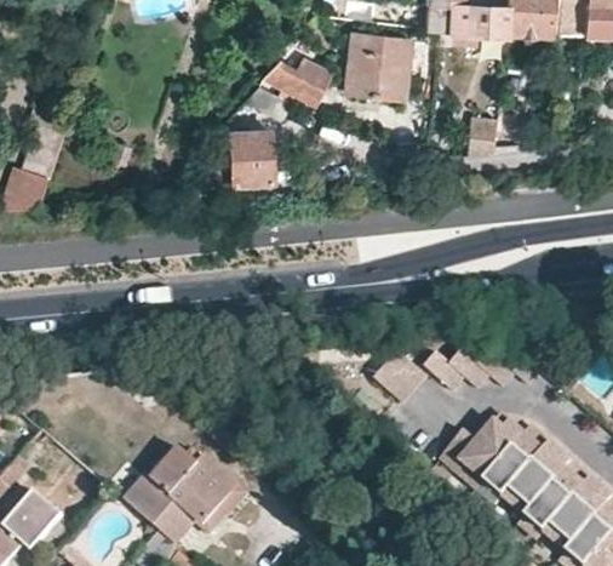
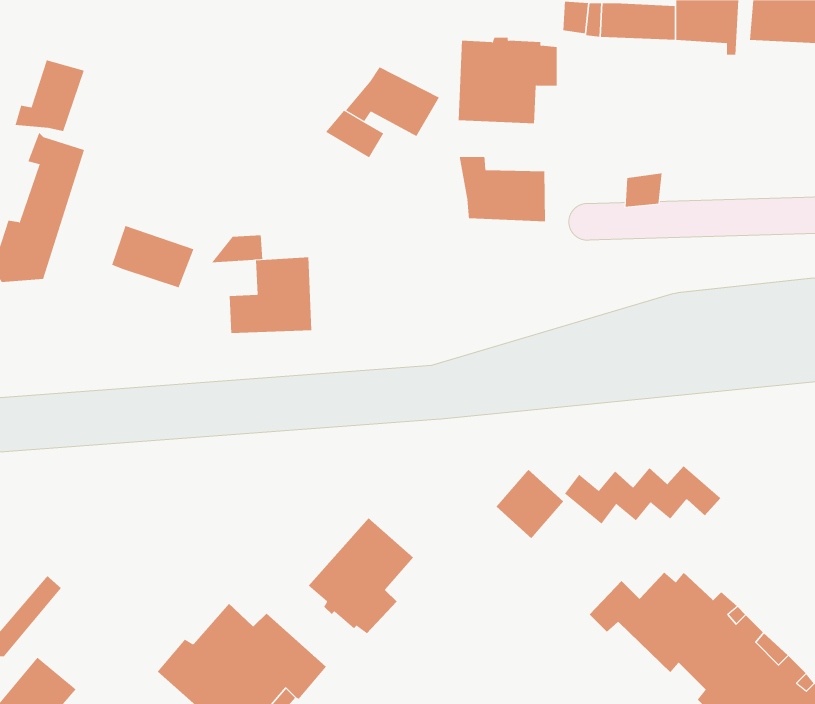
building: none -> [15,59,85,132]
building: none -> [459,156,546,222]
building: [210,127,271,184] -> [229,257,312,334]
building: none -> [112,225,194,288]
building: none -> [308,517,414,634]

